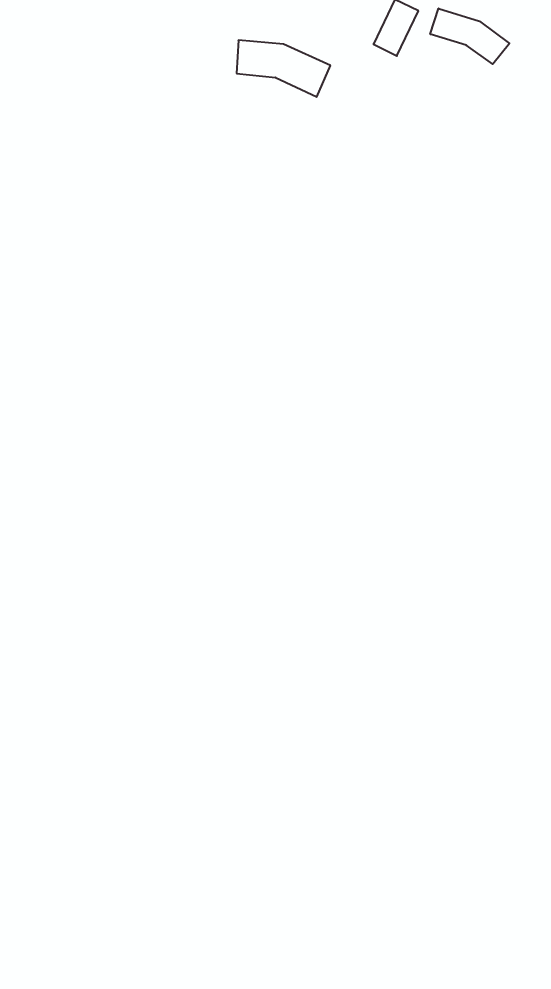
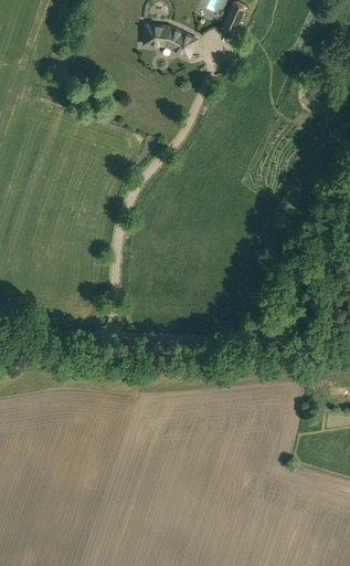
building: [430,8,509,64] -> none

